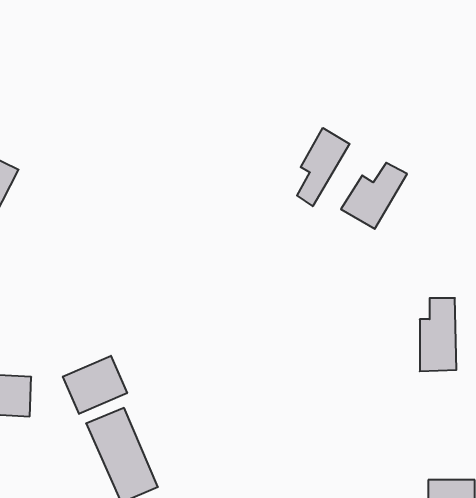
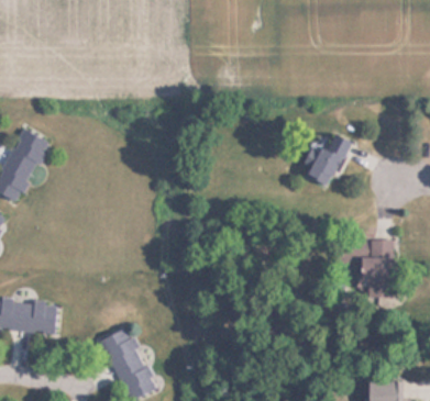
building: [297,128,350,206] -> none
building: [63,356,127,414] -> none

